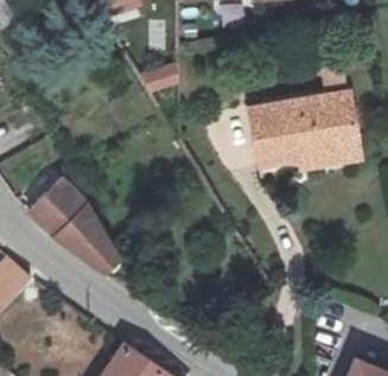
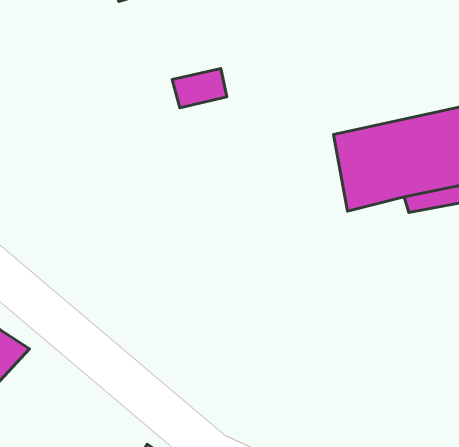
building: [44,173,126,266] -> none

